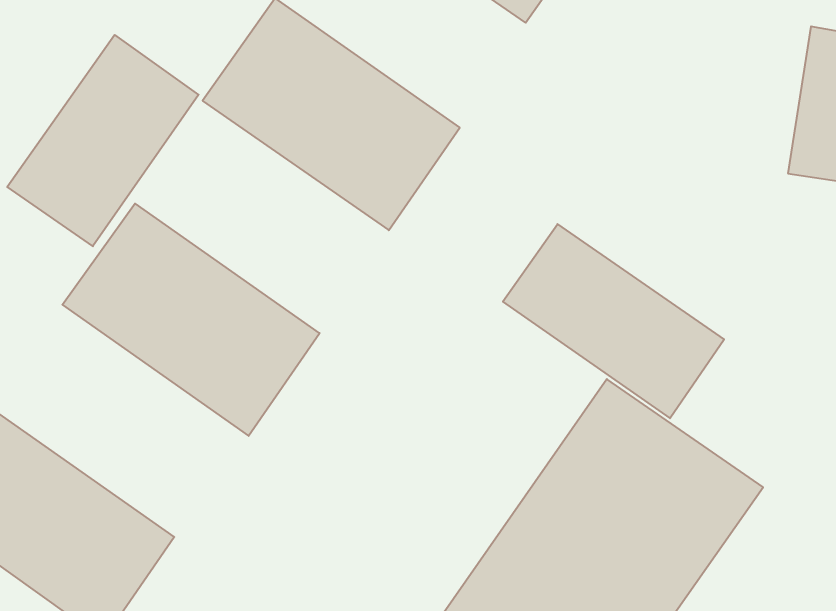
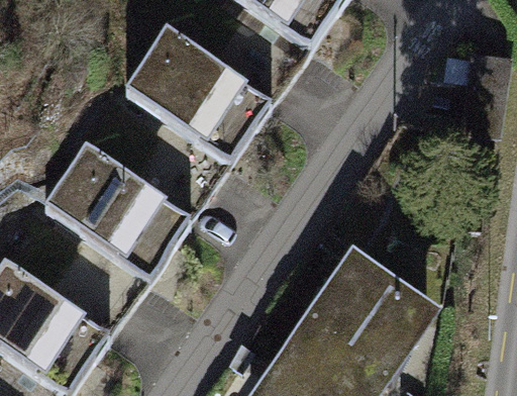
building: [7,35,199,246] -> none
building: [503,224,724,418] -> none

